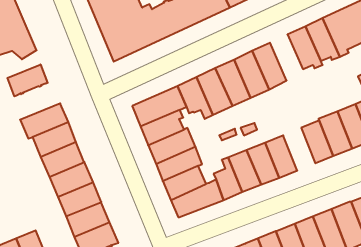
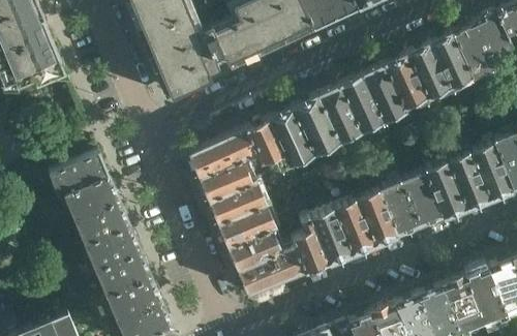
building: none -> [363,65,406,123]
building: [7,64,48,96] -> none
building: none -> [379,183,420,237]

